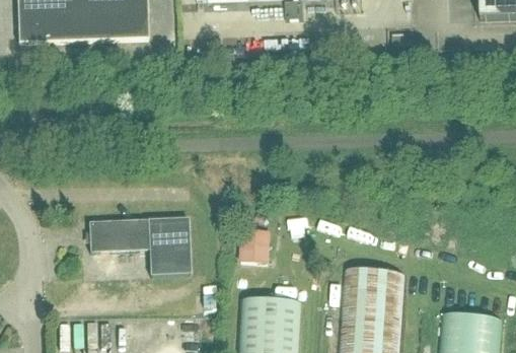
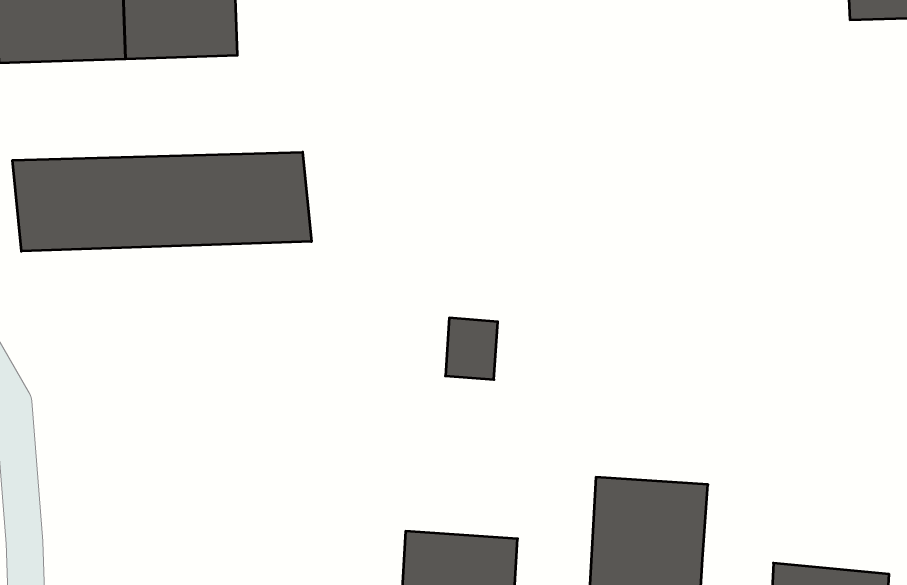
building: none -> [13,152,311,251]
building: [89,217,191,274] -> none
building: [242,228,271,262] -> [445,318,498,380]

